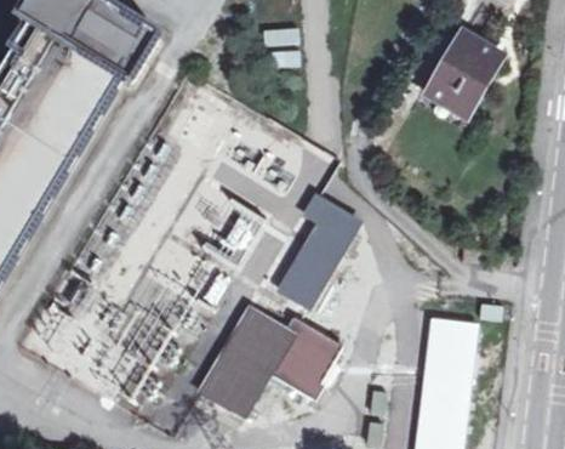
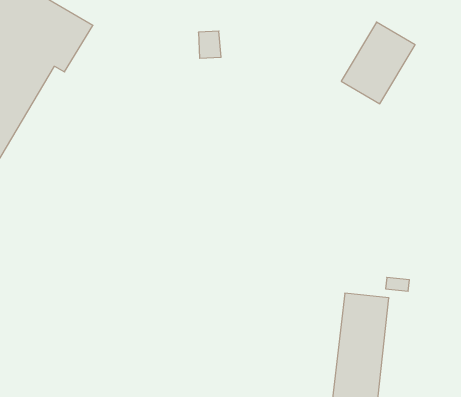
building: [279,195,356,305] -> none
building: [199,308,341,415] -> none

